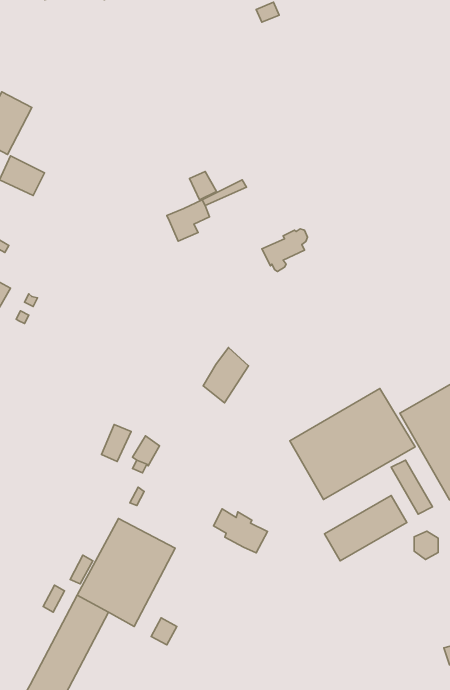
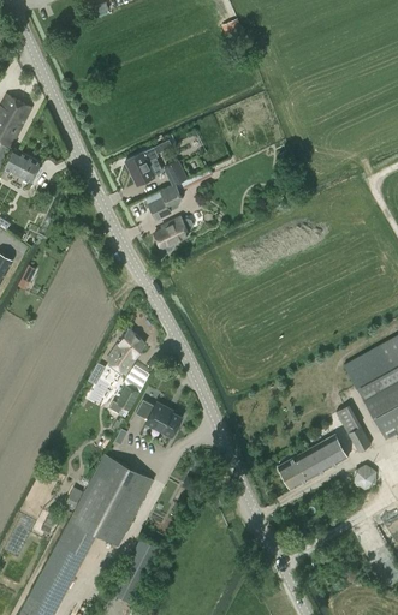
building: none -> [124,141,171,185]
building: [262,229,307,271] -> [153,219,191,255]
building: [203,348,249,403] -> [106,328,144,375]
building: [290,388,415,500] -> none
building: [214,509,268,553] -> [135,400,180,437]

